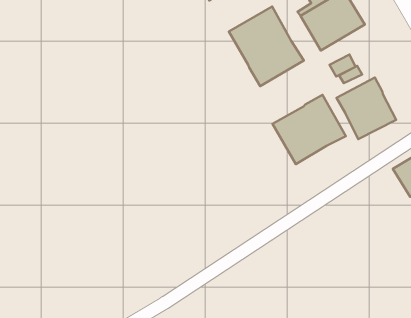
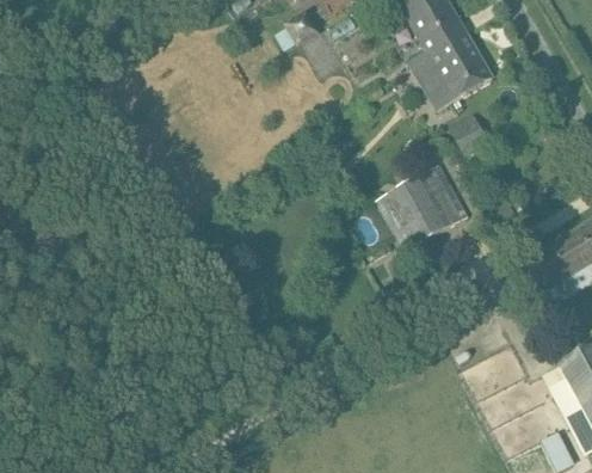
building: [229,6,304,86] -> none
building: [336,78,396,139] -> none

